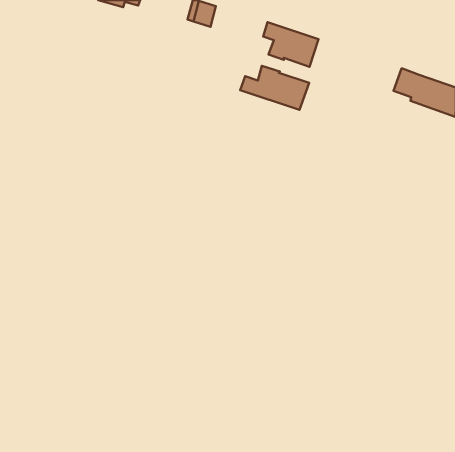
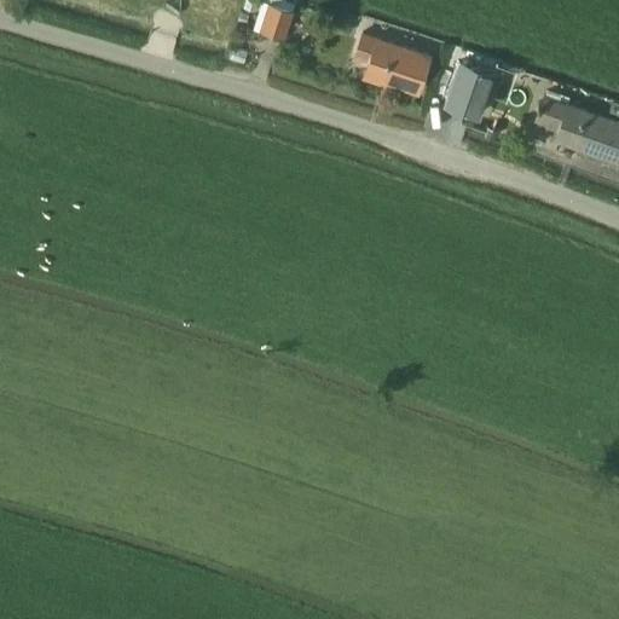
building: none -> [445,64,494,121]
building: [240,66,309,110] -> none

